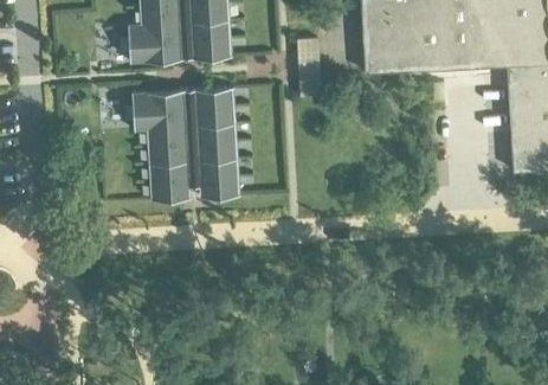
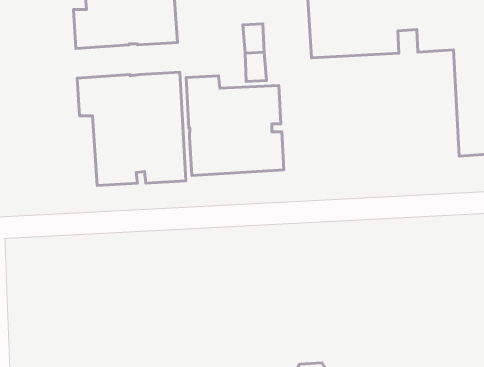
building: none -> [186,76,284,175]

